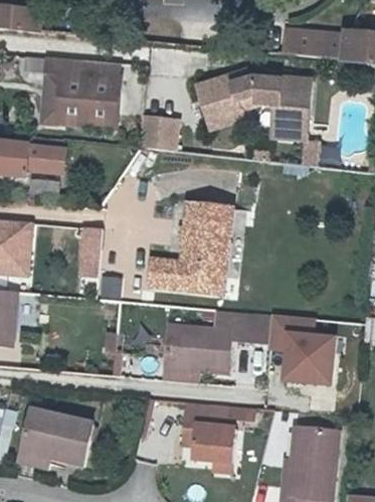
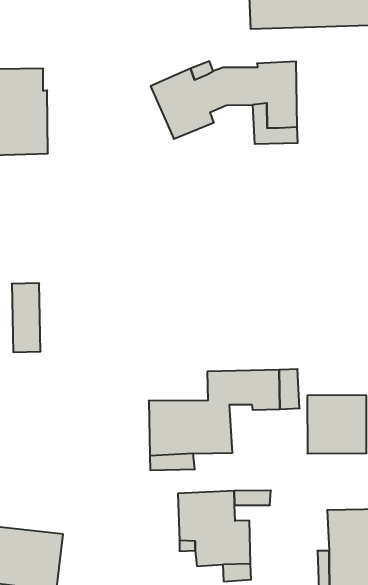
building: [139,115,177,149] -> none
building: [146,202,230,295] -> none

